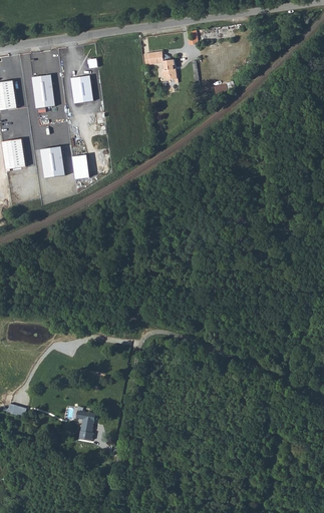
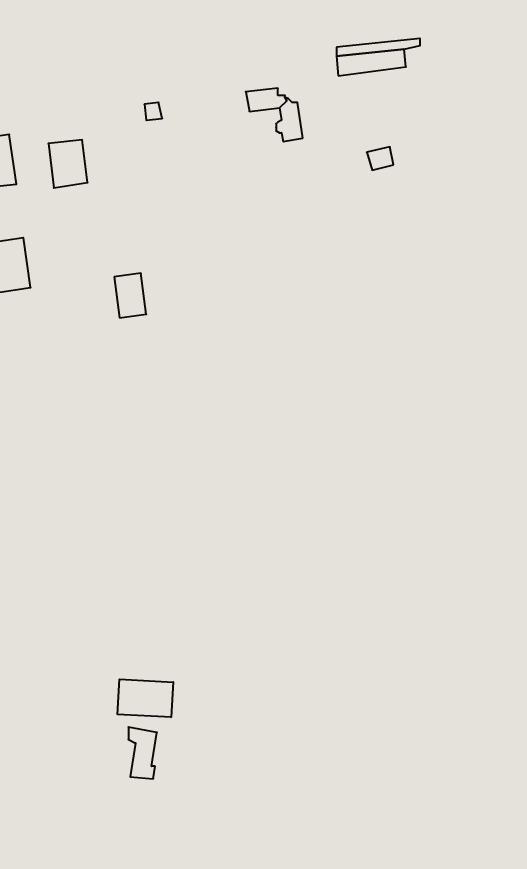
building: [73,75,94,102] -> none
building: [39,147,65,179] -> none
building: none -> [118,679,173,717]

